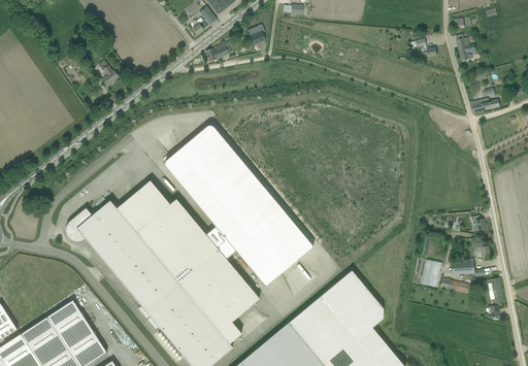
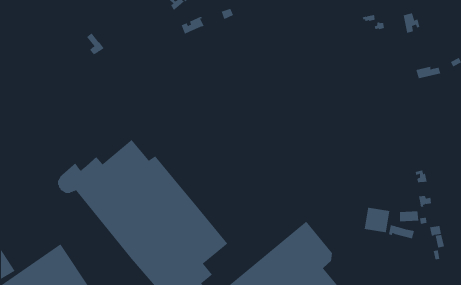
building: [166,126,315,287] -> none

